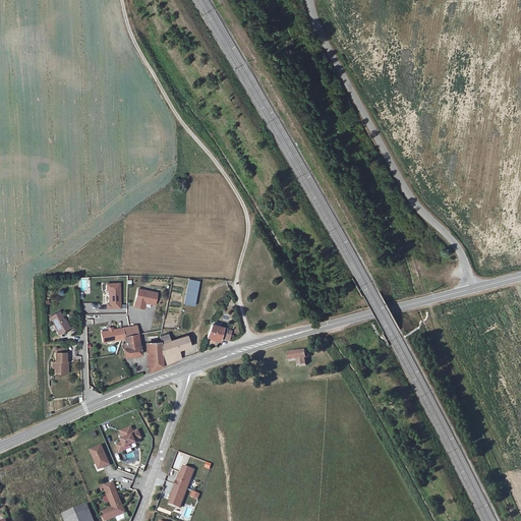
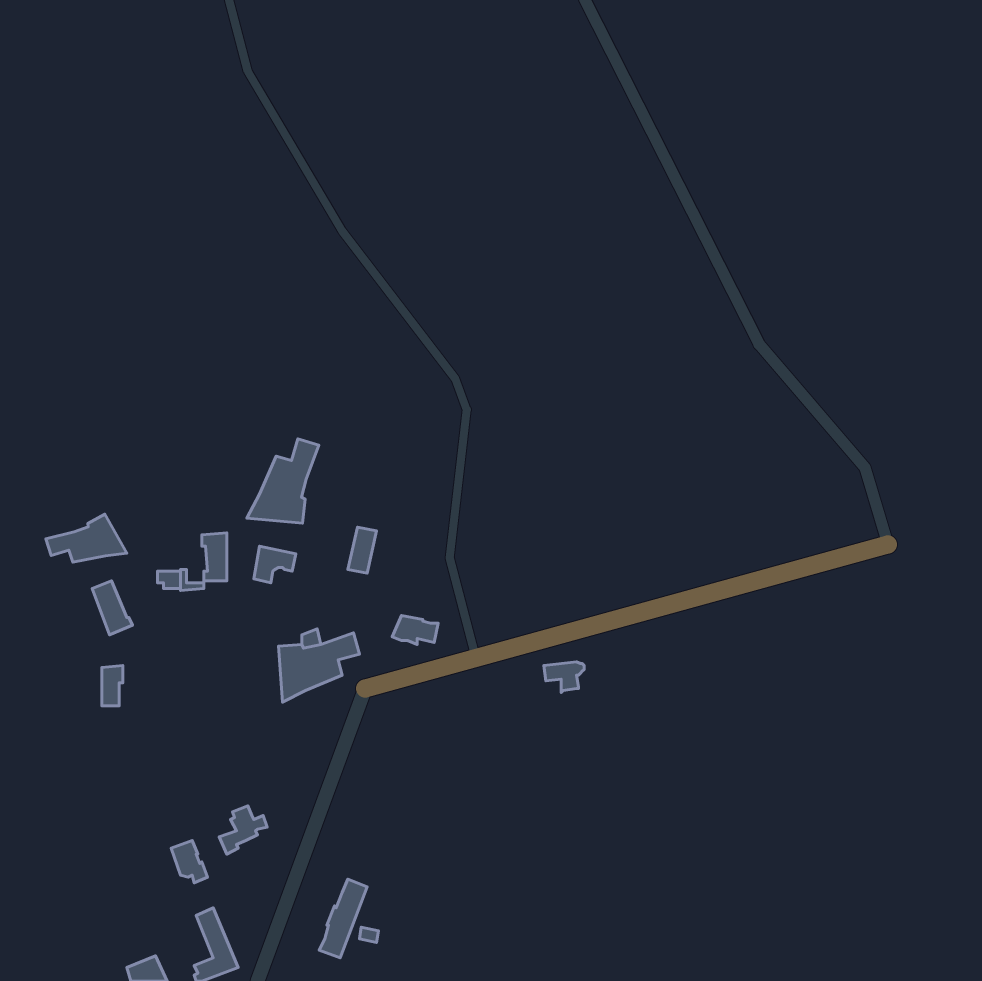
building: none -> [247,439,319,523]
building: none -> [46,514,127,562]
building: [105,325,141,356] -> none

